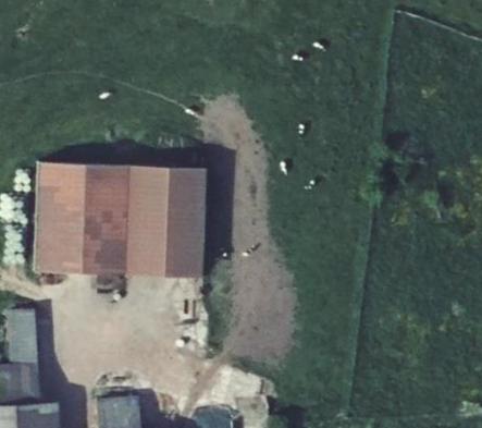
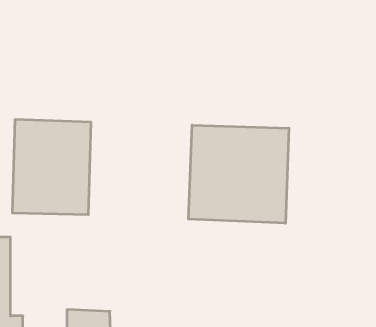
building: [128,166,208,284] -> none
building: none -> [189,125,289,223]

